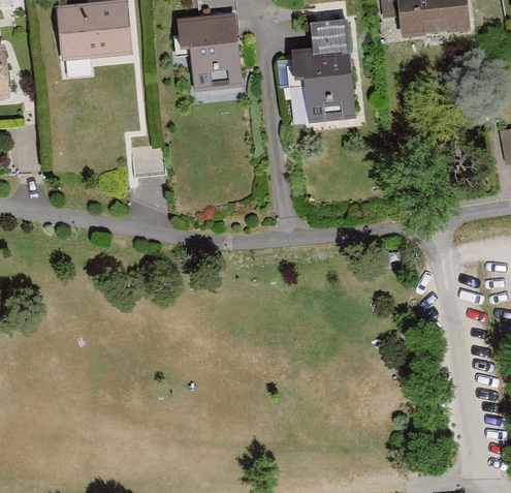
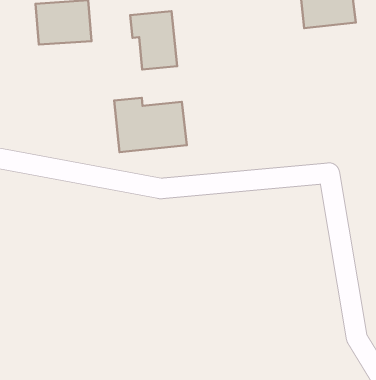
building: [291,25,353,120] -> none
building: none -> [114,98,187,152]

